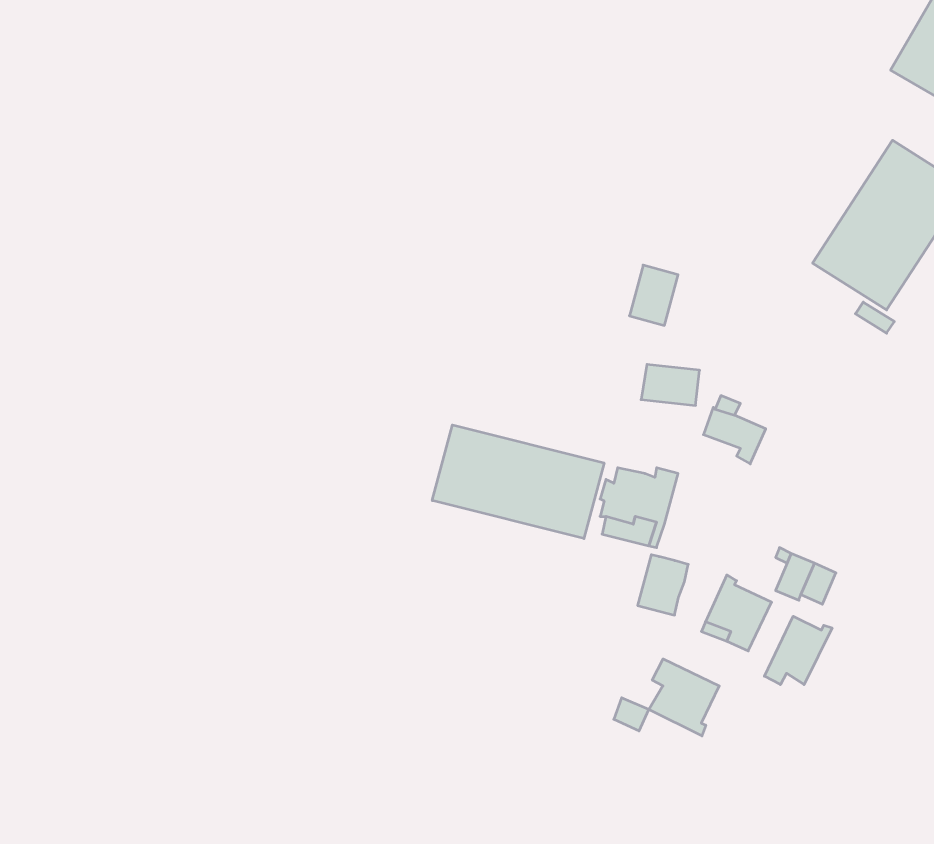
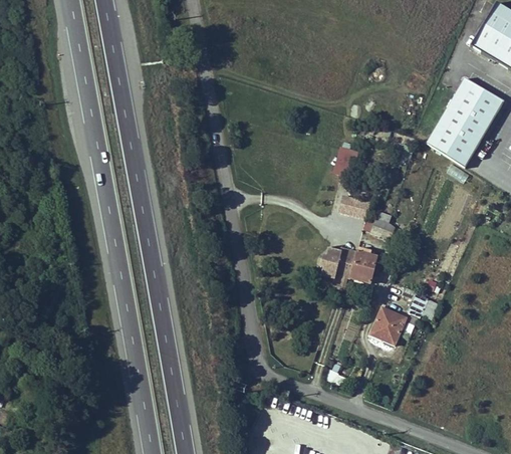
building: [432,425,604,539] -> none
building: [638,555,688,615] -> [350,250,376,281]
building: [764,616,832,685] -> none
building: [649,659,719,736] -> none

